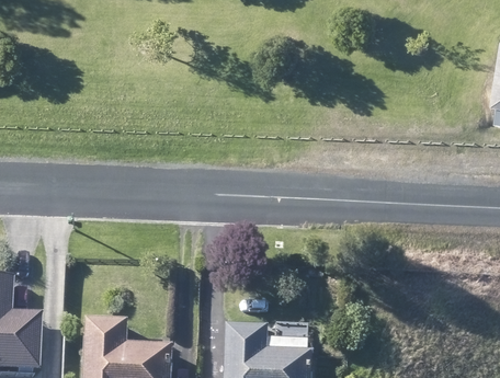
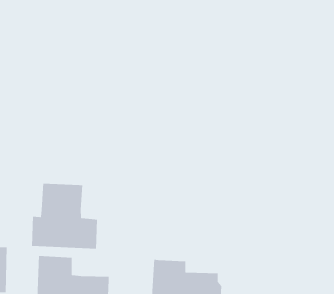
building: none -> [31,183,98,250]

